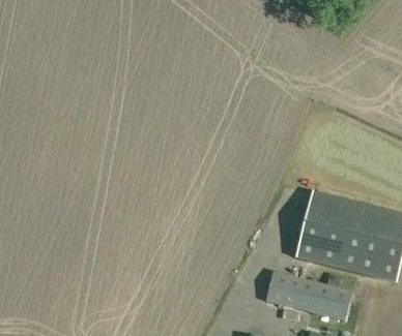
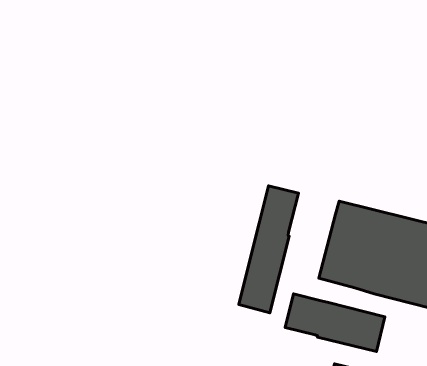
building: none -> [239,186,299,313]

